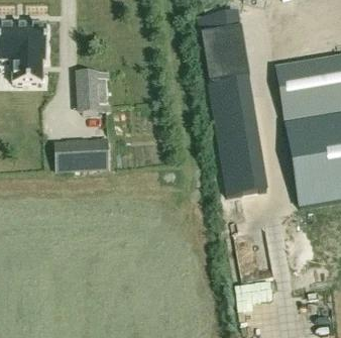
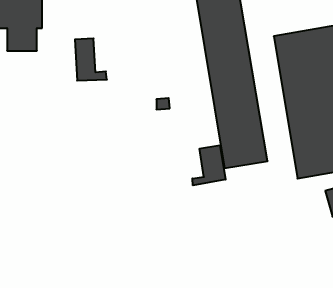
building: [55,140,109,170] -> none
building: none -> [192,145,226,185]

